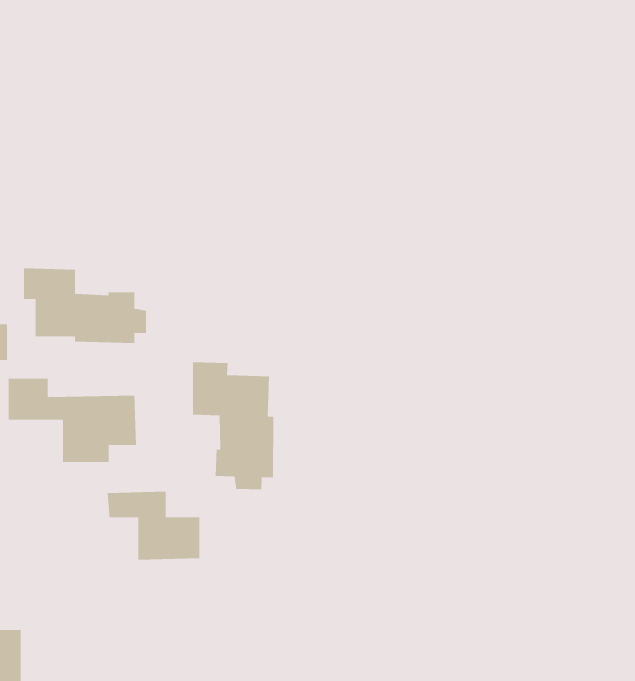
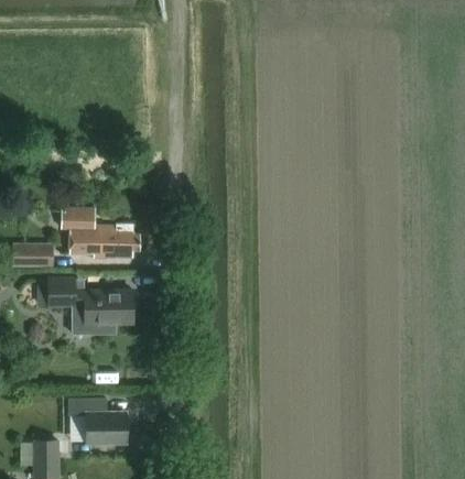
building: [192,361,274,490] -> none
building: [107,491,200,561] -> [66,398,127,443]

